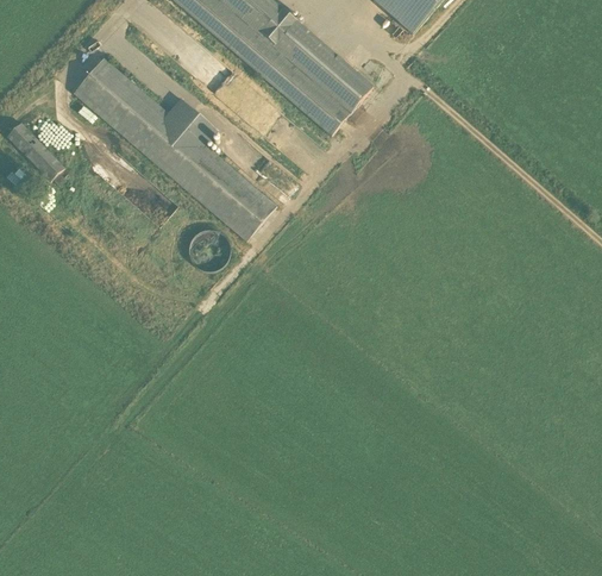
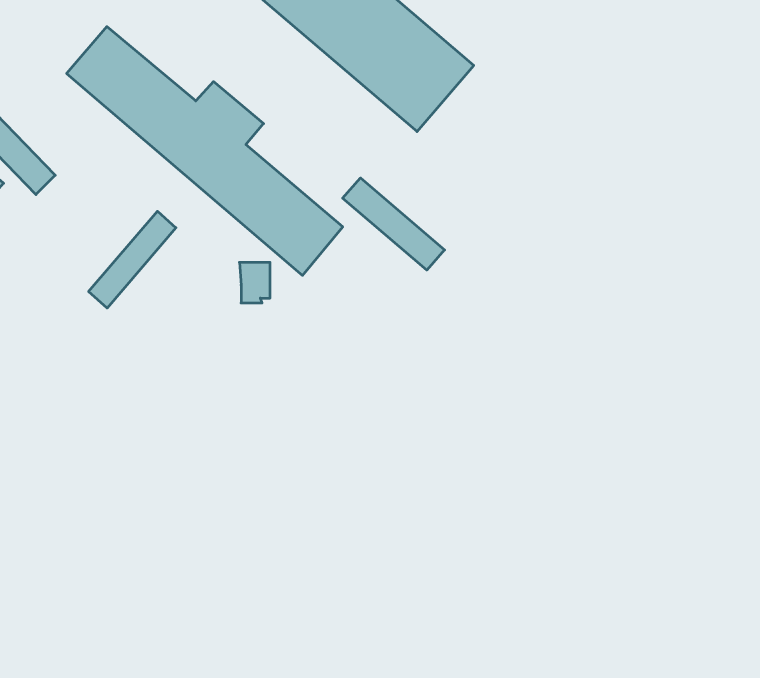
building: none -> [343,178,445,270]
building: none -> [89,211,176,308]

